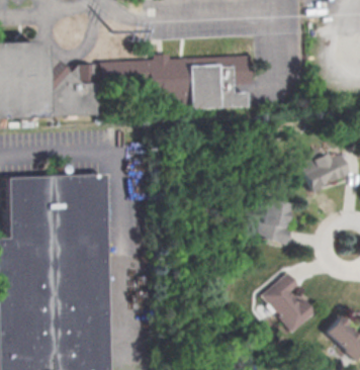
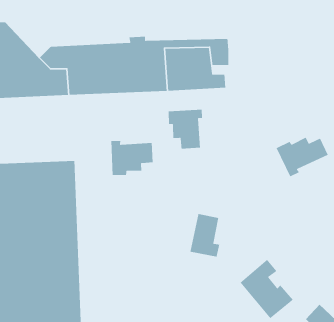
building: none -> [168,109,203,149]
building: none -> [110,140,154,176]
building: [263,199,293,243] -> [189,213,220,257]

